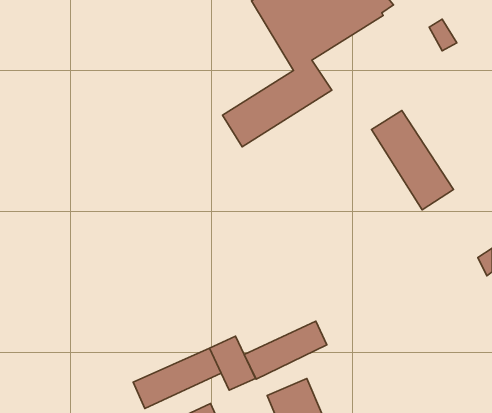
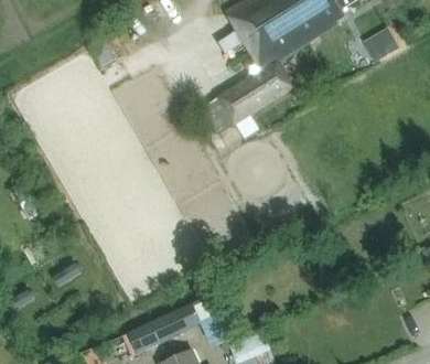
building: [371,111,453,210] -> none
building: [244,321,327,379] -> none

